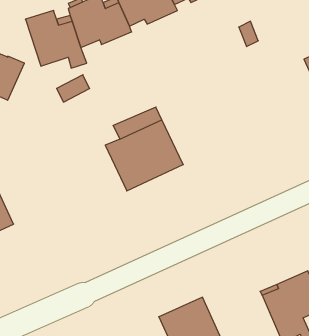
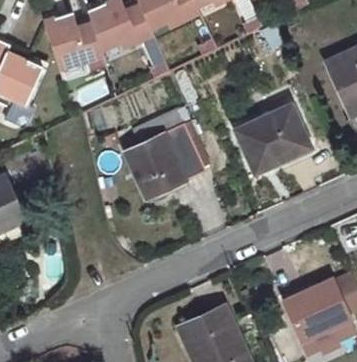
building: none -> [236,105,309,172]

